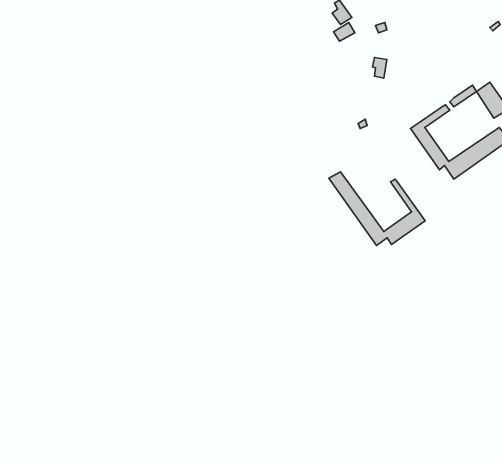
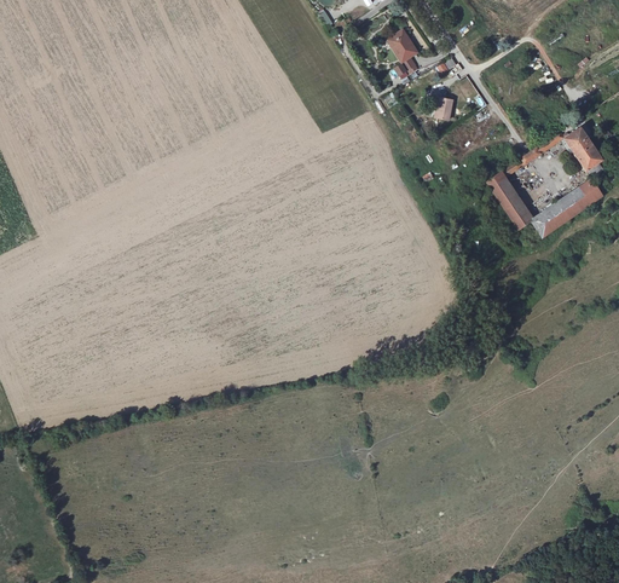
building: [329,172,425,246] -> none

